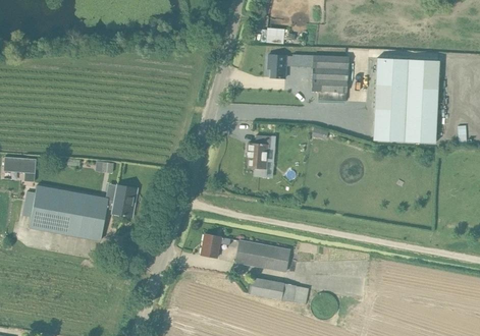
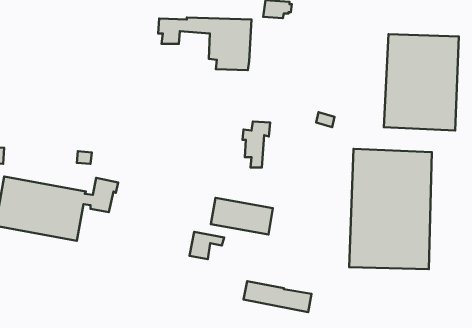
building: [266,54,349,101] -> [158,17,251,70]
building: none -> [349,149,432,269]
building: [234,239,289,272] -> [211,198,273,235]

